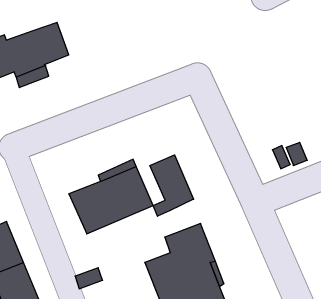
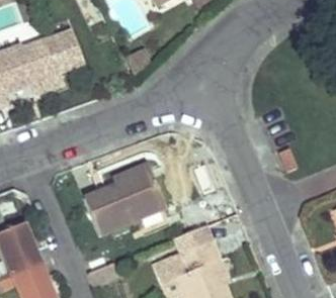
building: [150,155,194,216] -> none

